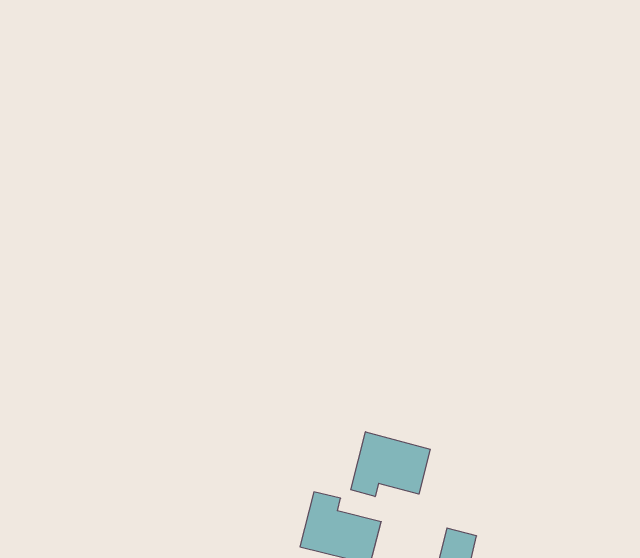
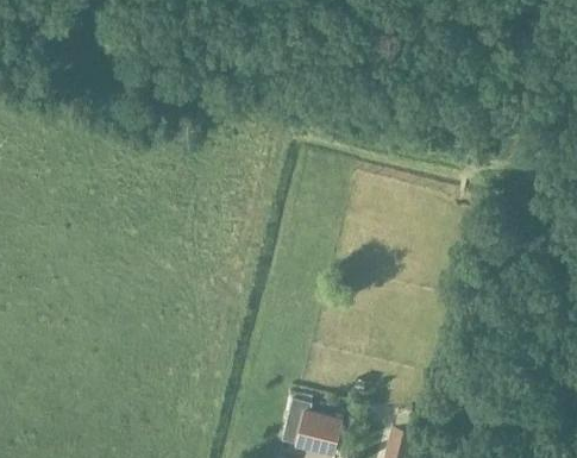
building: [351,432,430,497] -> none

